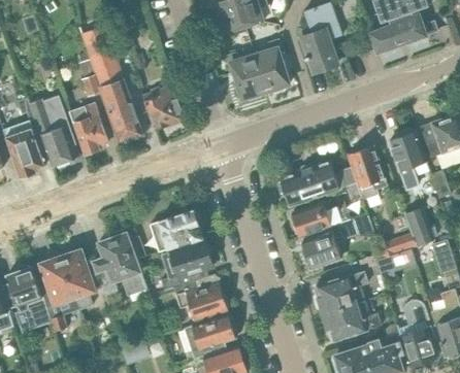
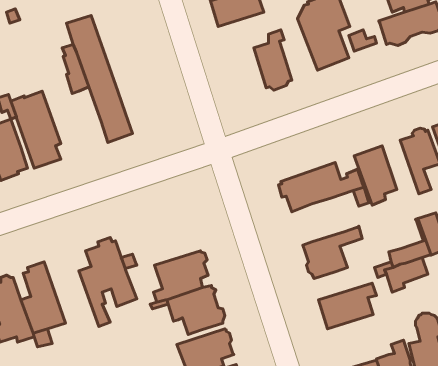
building: [225,52,266,101] -> none
building: [142,84,185,130] -> none
building: [69,103,108,155] -> none
building: [292,201,350,237] -> none
building: [151,209,203,251] -> none
building: [60,246,98,309] -> none
building: [323,301,381,339] -> none

